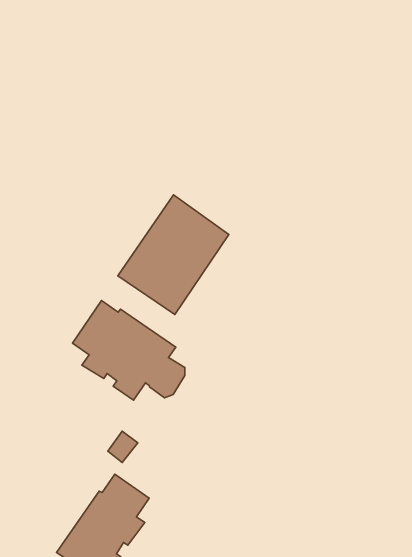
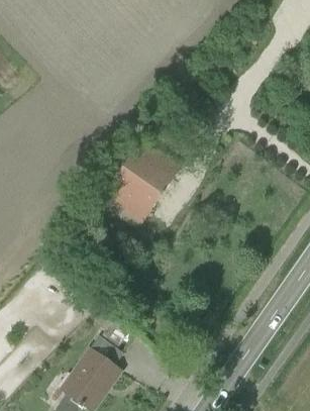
building: [73,301,185,400] -> none

